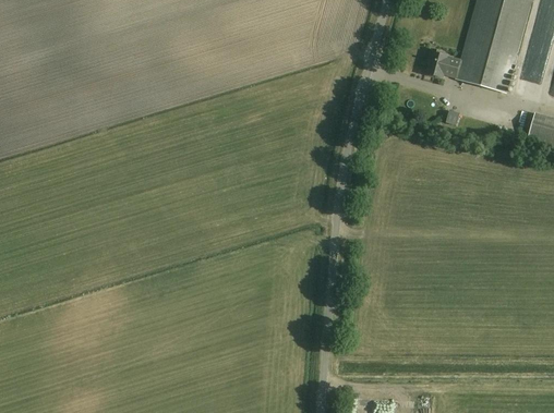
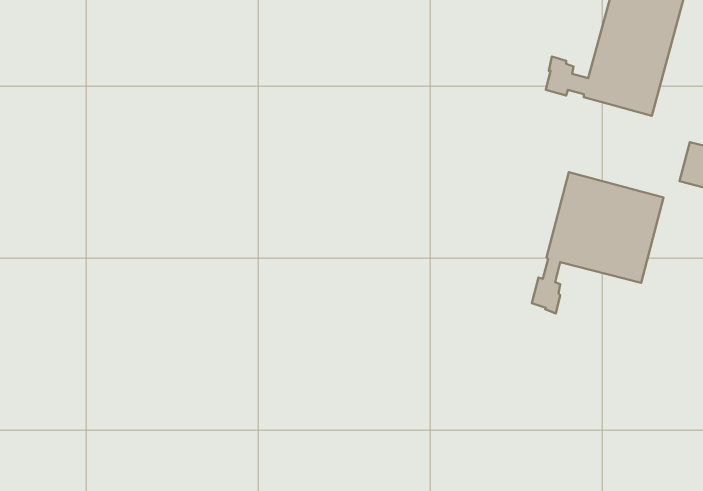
building: none -> [532,172,663,313]

